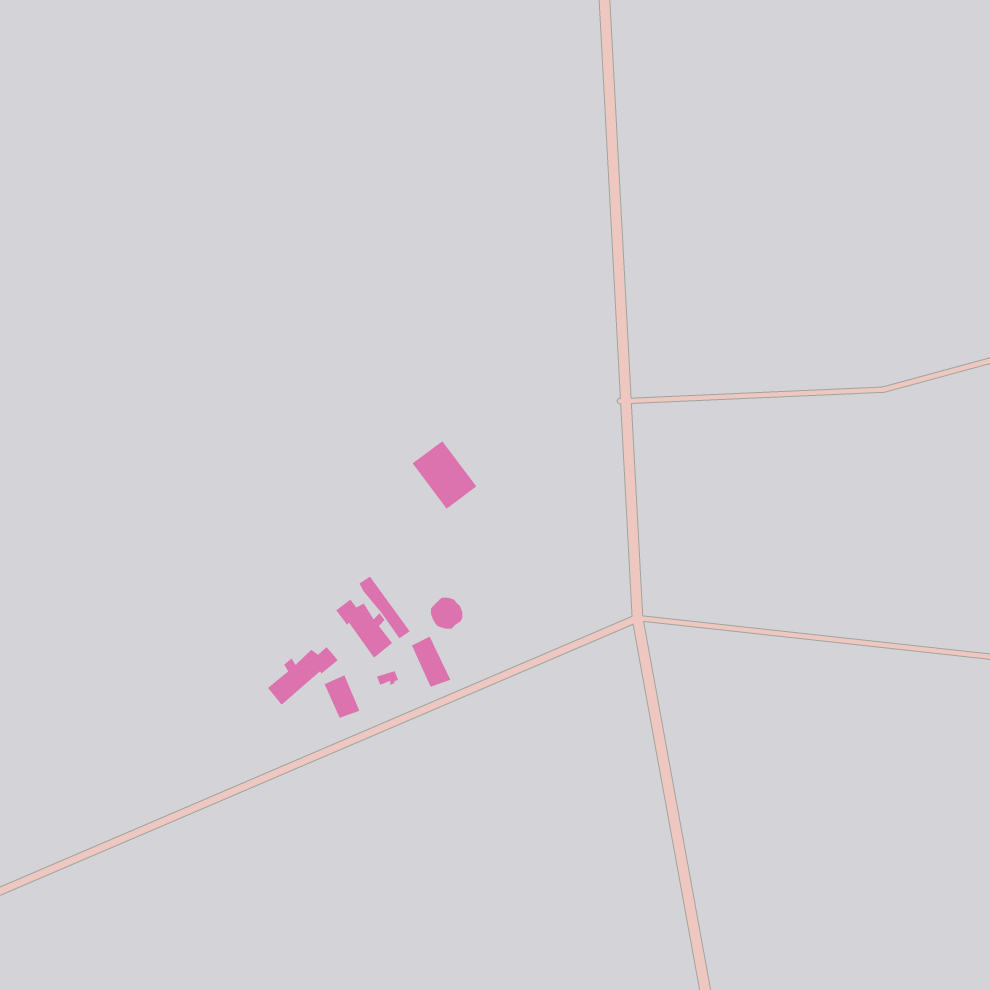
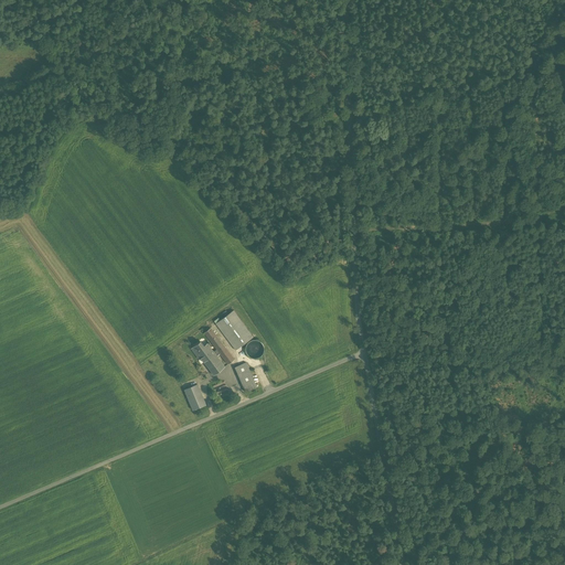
building: [412,440,477,510] -> [215,310,253,350]
building: [267,646,339,706] -> none

